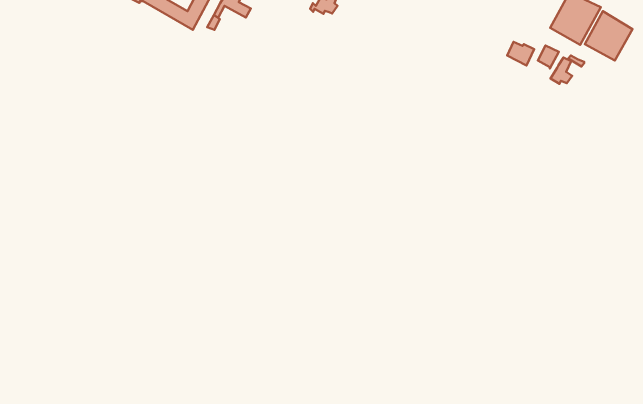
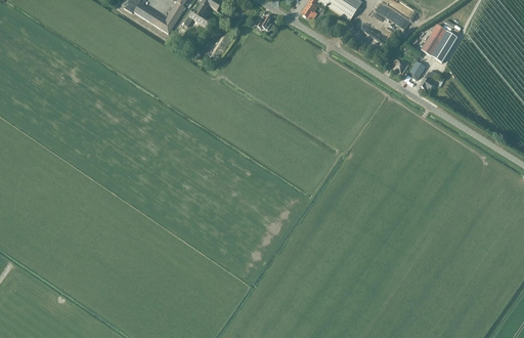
building: [585,11,633,60] -> none

